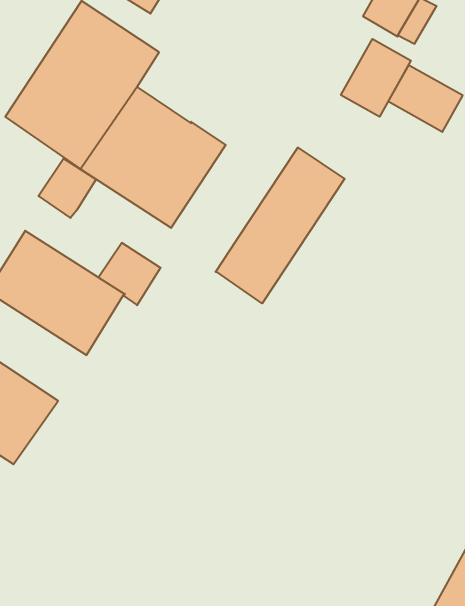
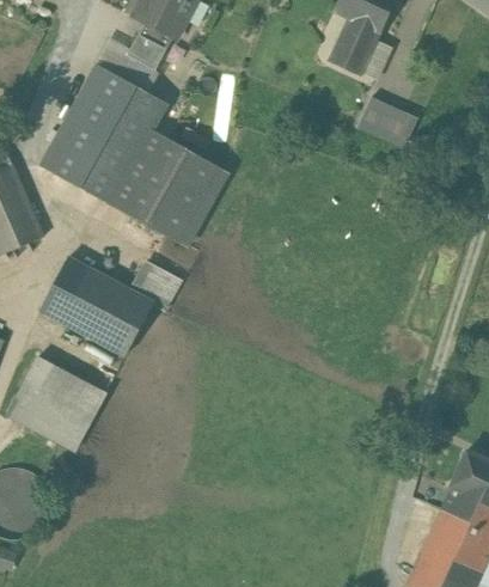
building: [341,39,411,117] -> none
building: [216,147,345,303] -> none
building: [38,158,97,218] -> none

